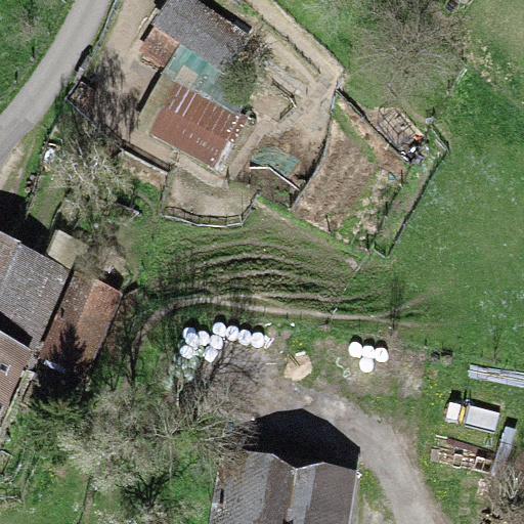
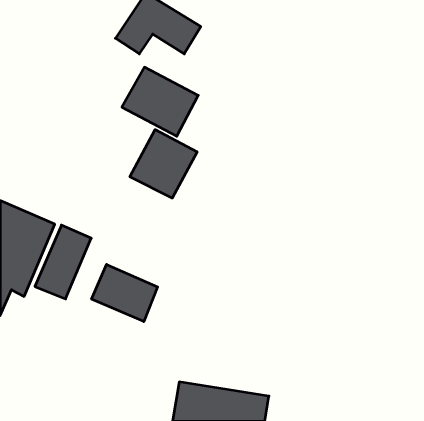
building: none -> [130,130,197,198]
building: none -> [92,264,158,322]

